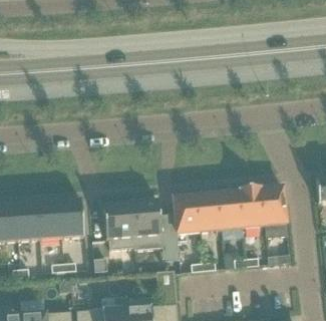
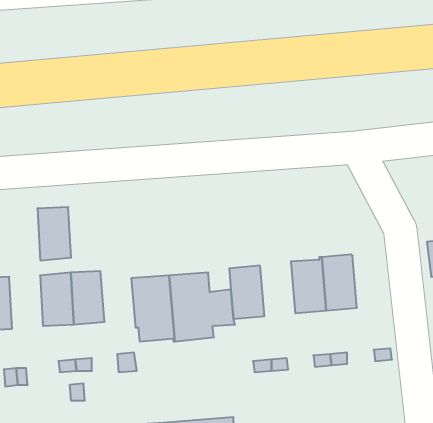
building: [261,185,286,224] -> none
building: [195,191,220,230] -> none
building: [15,201,39,239] -> [37,207,71,260]

